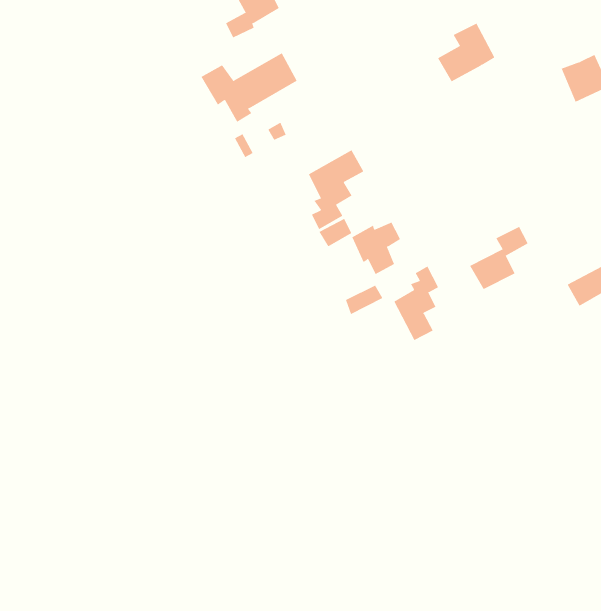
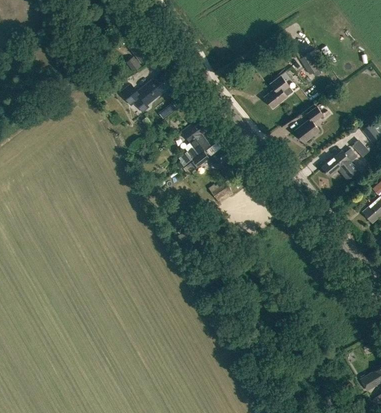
building: [437,23,495,82] -> [264,76,293,108]
building: [469,226,529,290] -> [295,107,323,142]
building: [393,265,439,341] -> none

